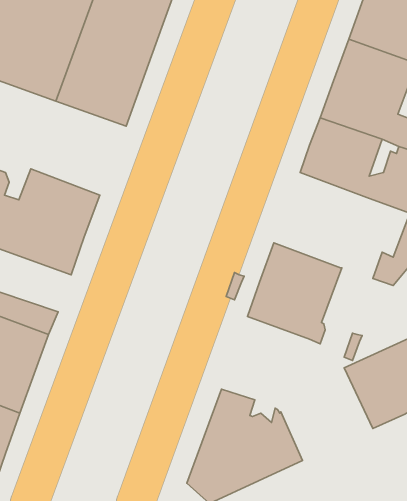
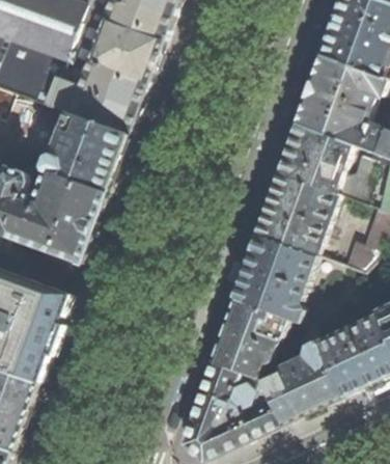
building: none -> [41,110,128,192]
building: none -> [256,172,337,255]
building: none -> [211,298,287,377]
building: none -> [262,325,342,424]

